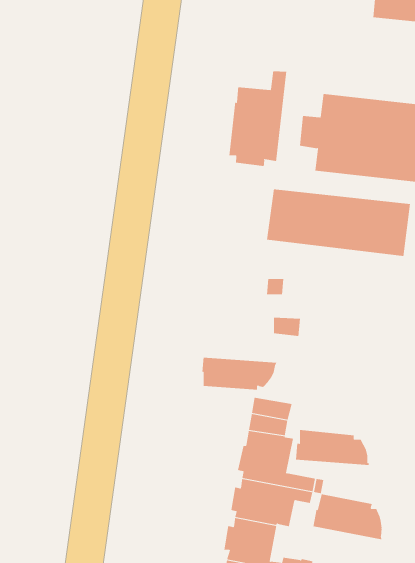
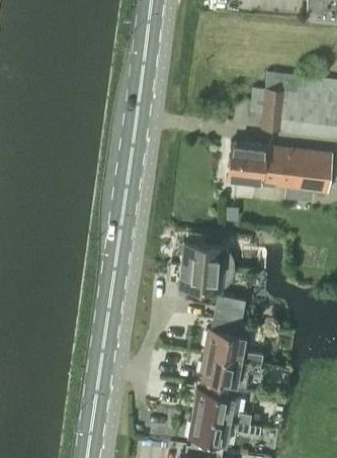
building: [229,70,287,167] -> none
building: [295,429,370,465] -> [180,244,235,270]
building: [313,494,382,540] -> none

